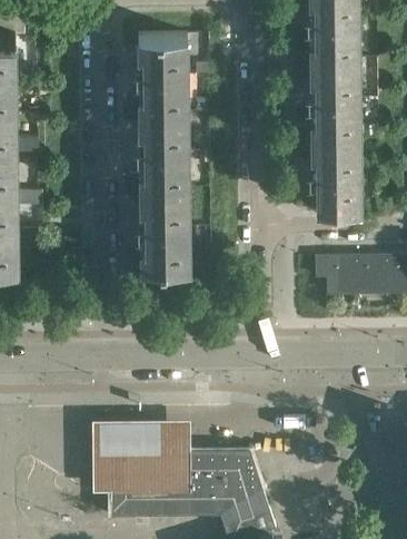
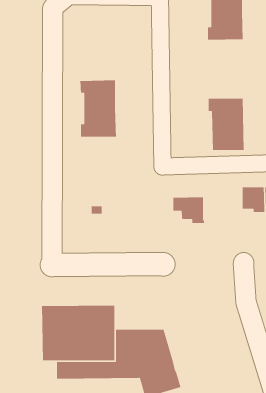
building: [139,36,188,115] -> none
building: [310,60,359,138] -> none
building: [140,192,190,269] -> none
building: [315,257,358,294] -> [172,196,205,224]

